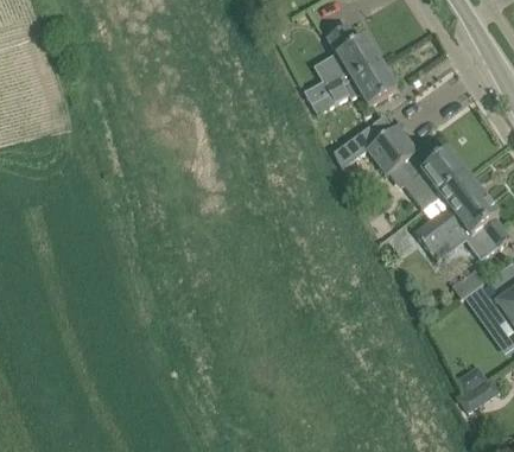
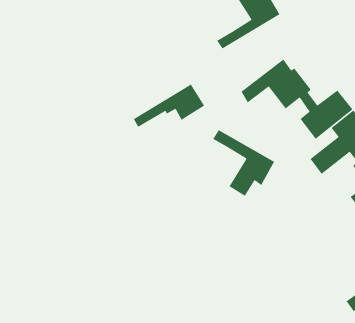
building: [312,62,398,114] -> [133,84,205,128]
building: none -> [212,129,275,197]

